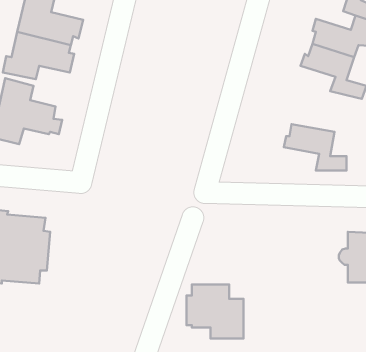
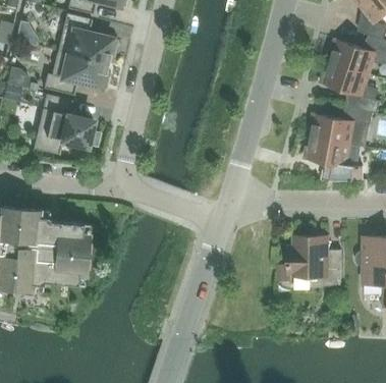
building: none -> [311,106,373,144]
building: [186,285,244,339] -> [288,236,341,286]

